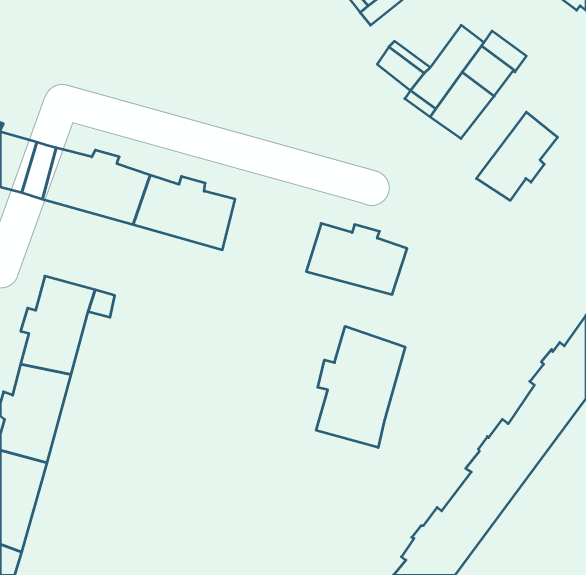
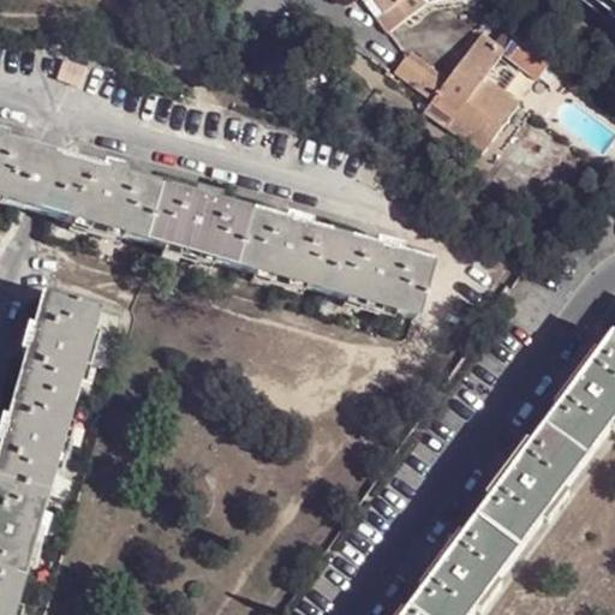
building: [476,112,558,200] -> none
building: none -> [233,209,336,285]
building: [316,326,405,448] -> none

